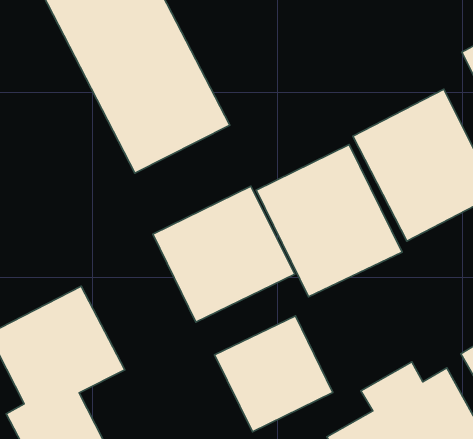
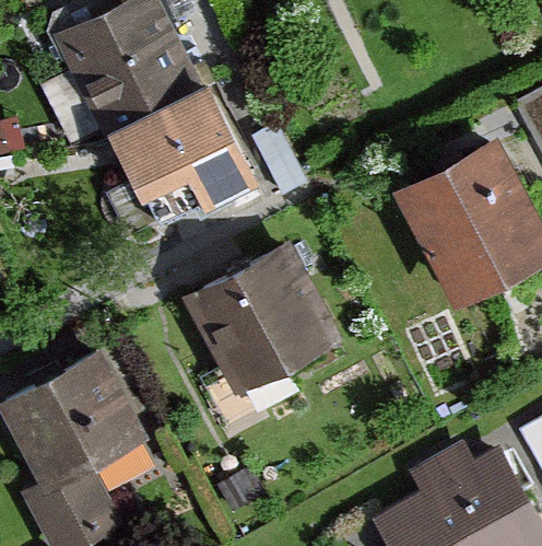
building: [256,145,402,297] -> none
building: [214,316,333,432] -> none

